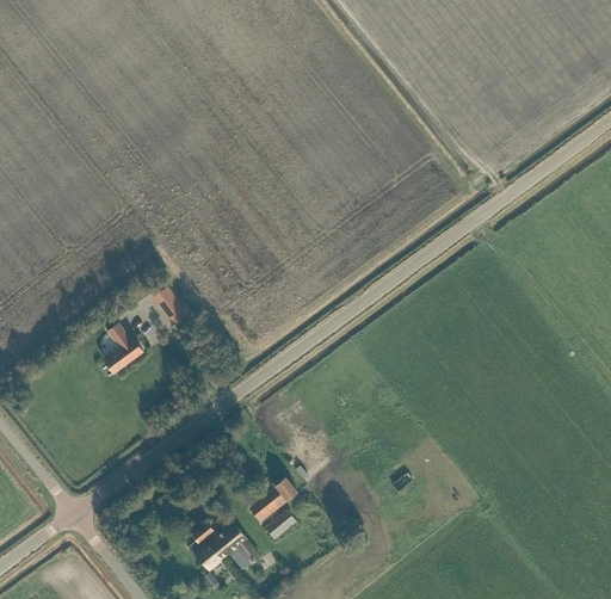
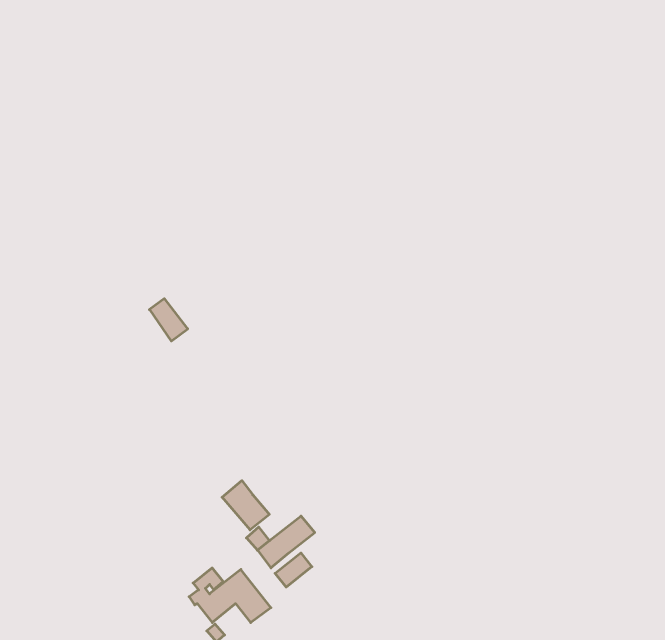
building: [103,323,143,373] -> none
building: none -> [222,481,269,530]

